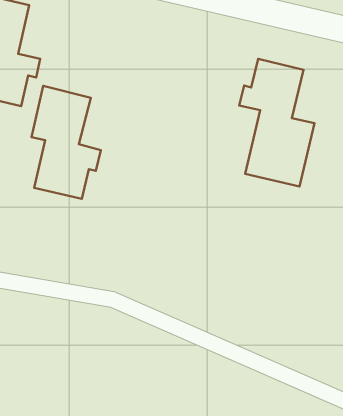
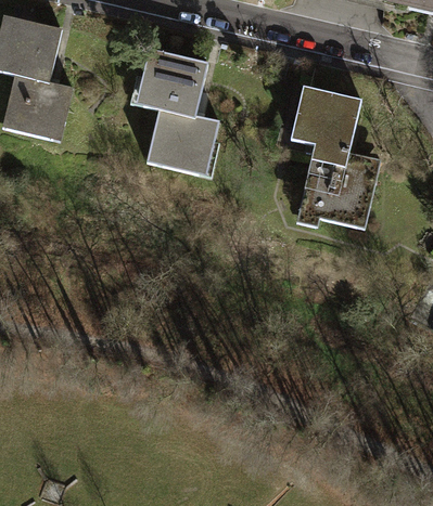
building: [31,86,101,199] -> [143,49,219,172]

